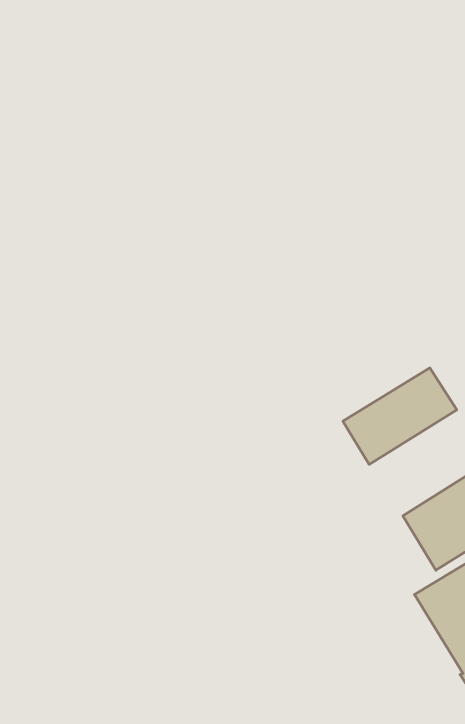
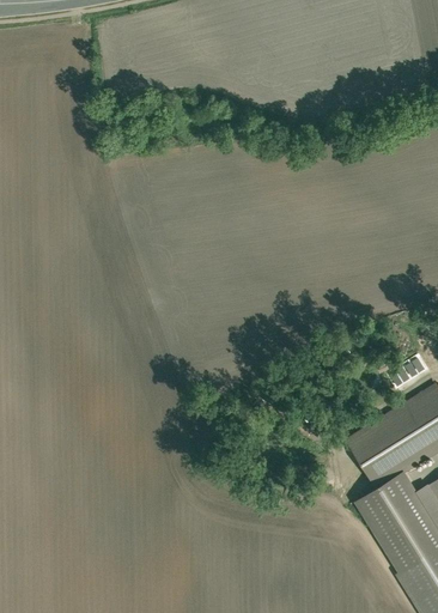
building: [343,368,457,464] -> none

